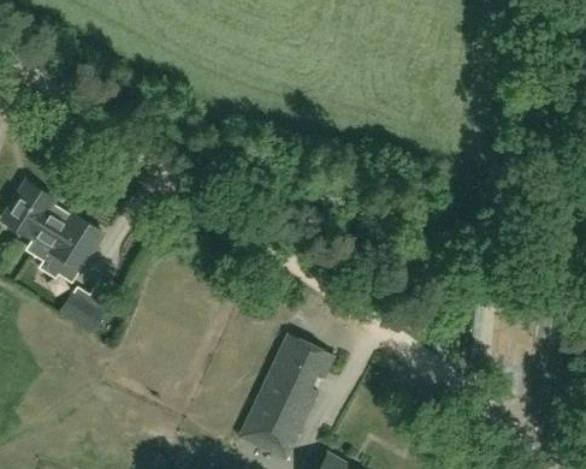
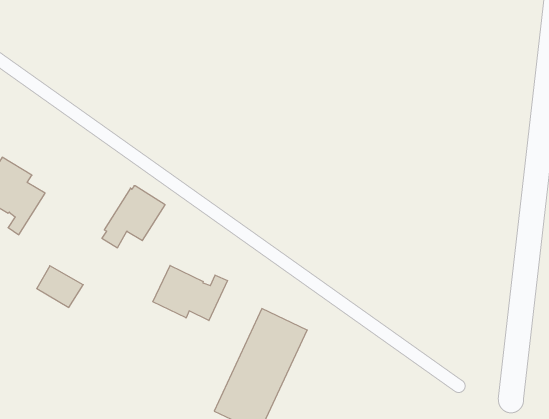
building: [39,215,102,278] -> [102,186,165,248]
building: none -> [153,265,228,321]

